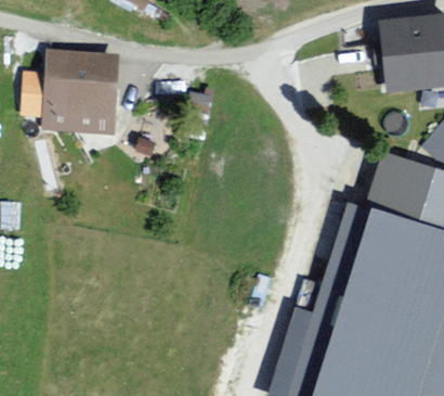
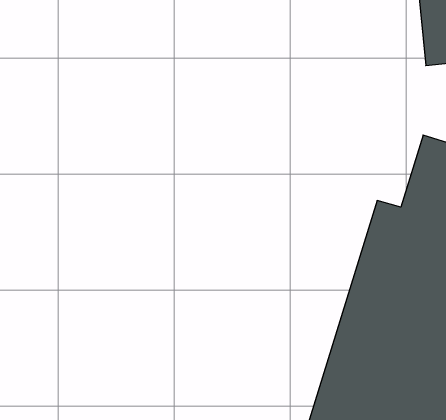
building: [41,54,117,122] -> none

